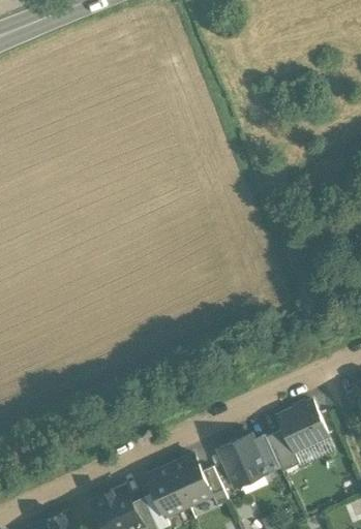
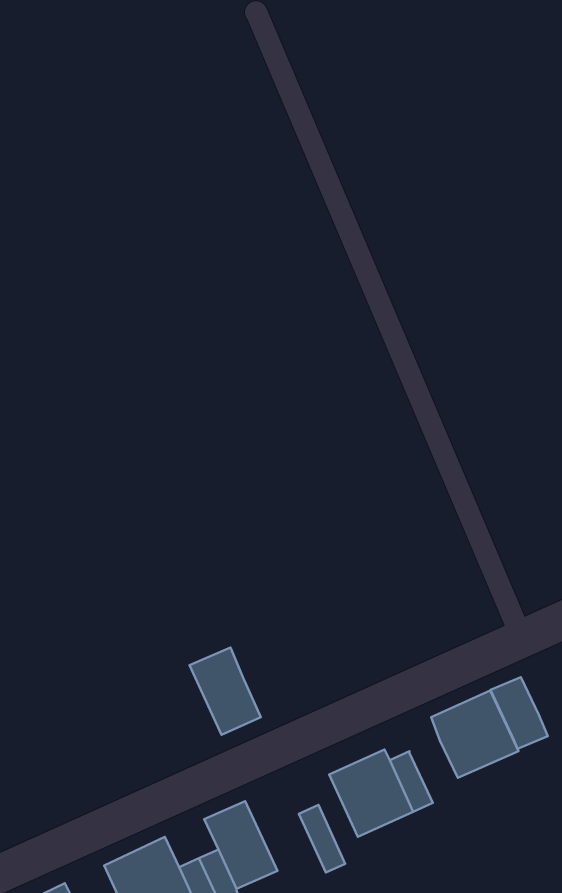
building: [265,431,298,472] -> [491,677,548,749]
building: [170,456,211,506] -> [189,647,261,735]

